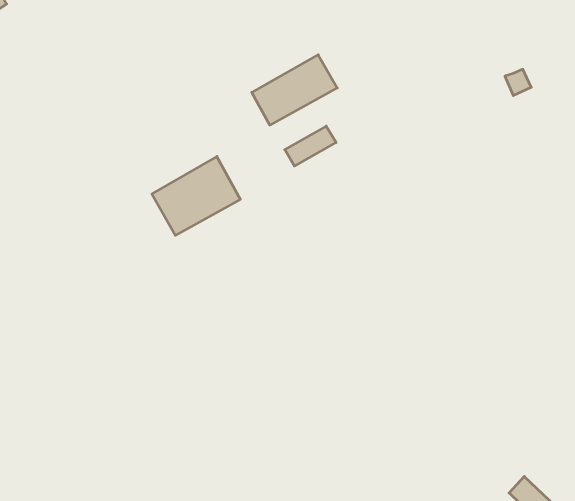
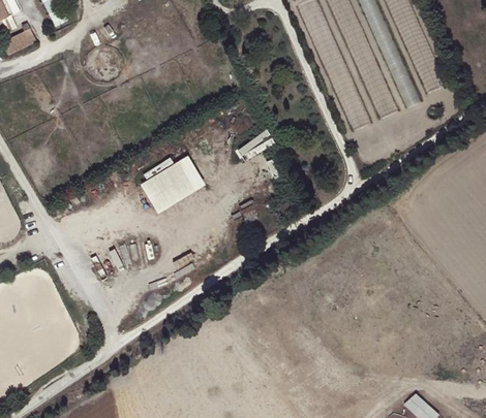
building: [252,55,337,125] -> none

